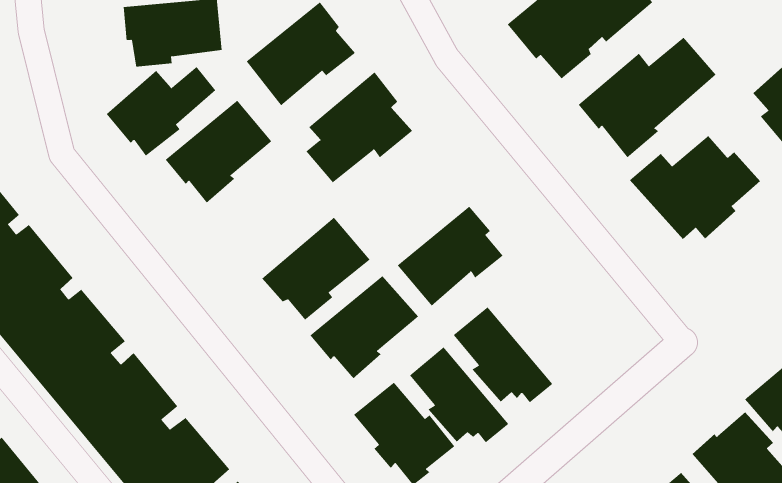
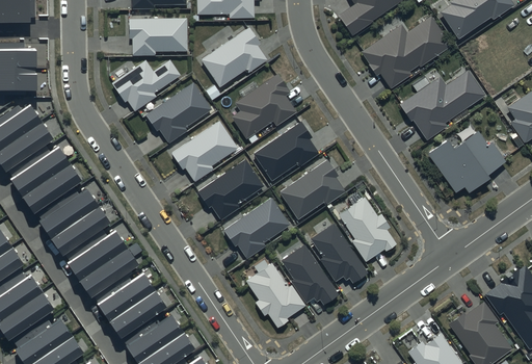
building: none -> [254,121,319,180]
building: none -> [171,120,238,182]
building: none -> [339,196,397,262]

